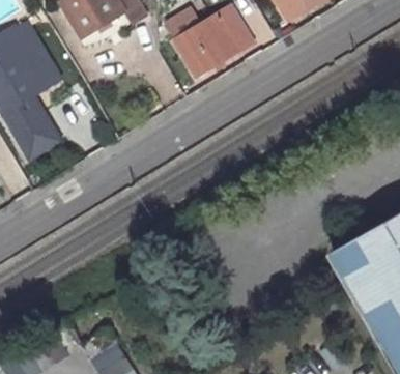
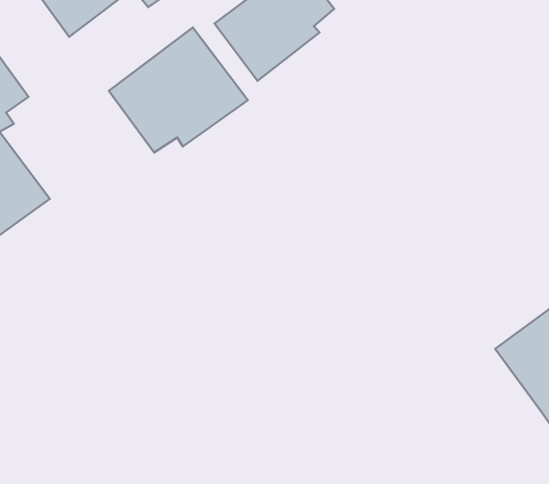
building: none -> [109,28,248,152]

